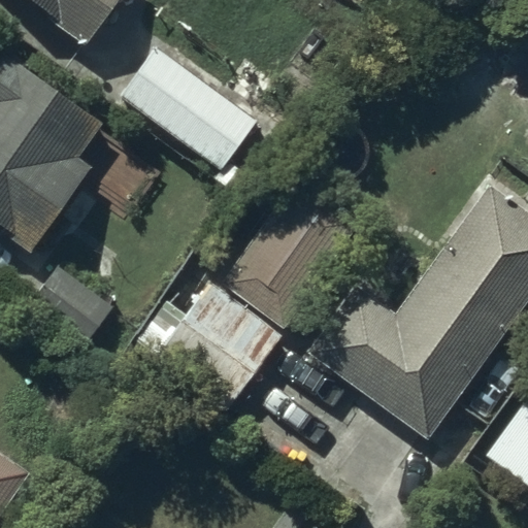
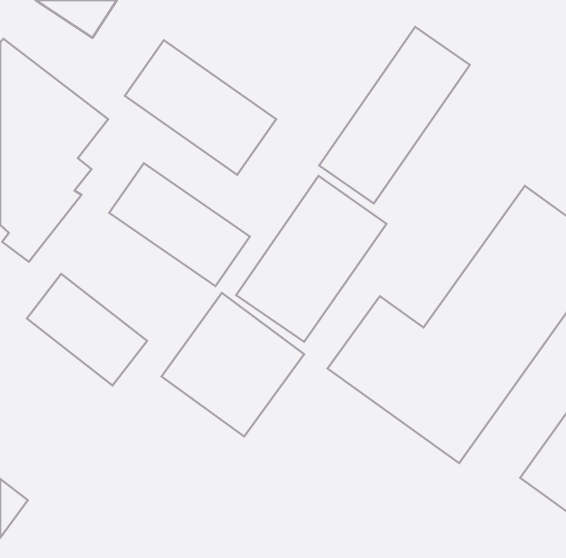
building: none -> [319,27,470,204]
building: none -> [109,163,250,286]

